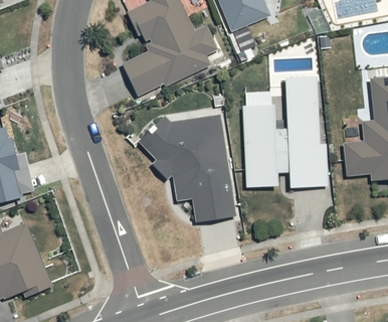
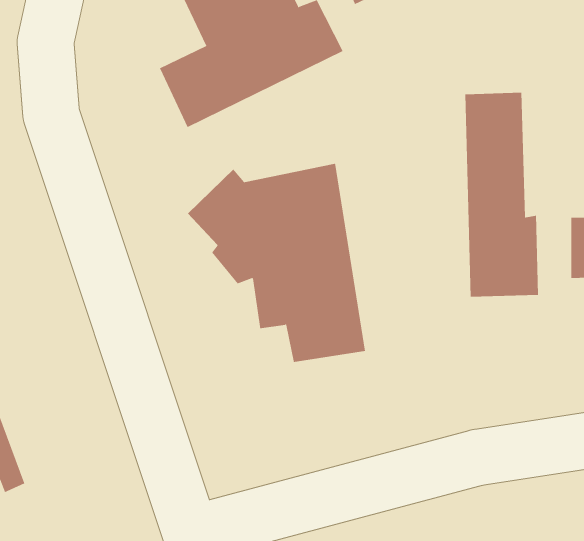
building: [242,89,286,187] -> none

